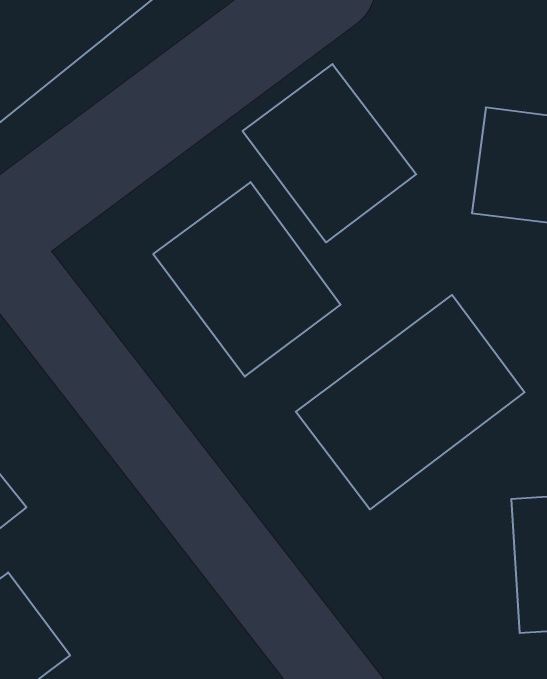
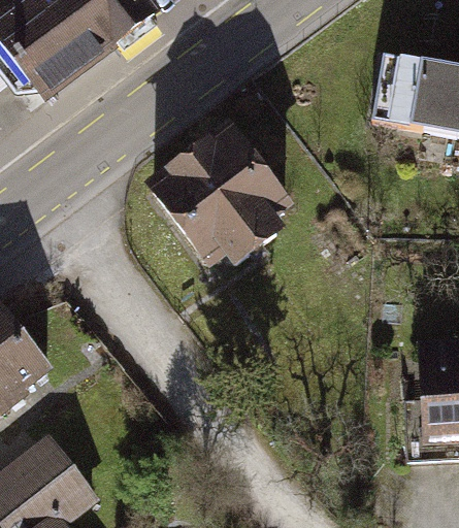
building: [243,64,416,242] -> none
building: [296,295,525,509] -> none

